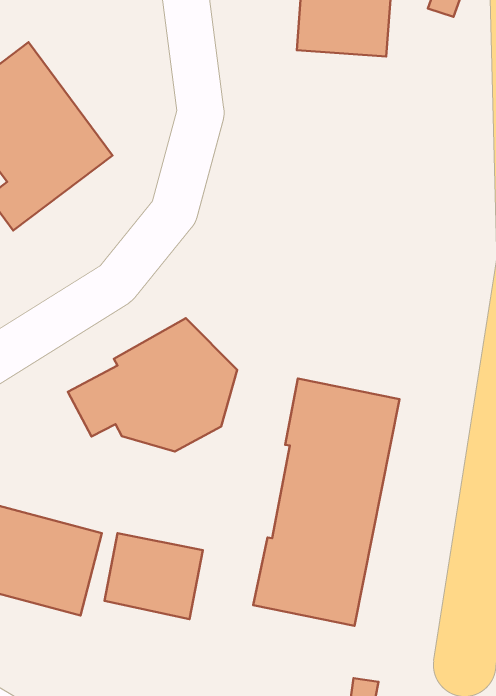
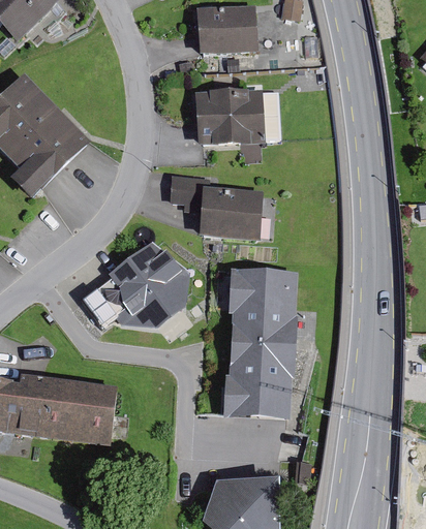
building: none -> [194,86,280,144]
building: none -> [170,173,263,238]
building: [104,533,203,619] -> none

